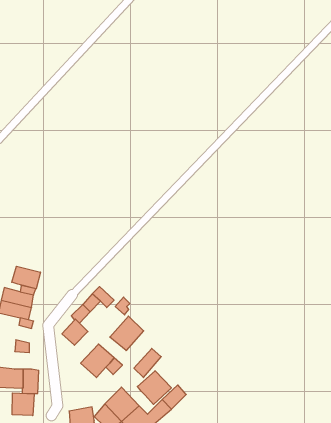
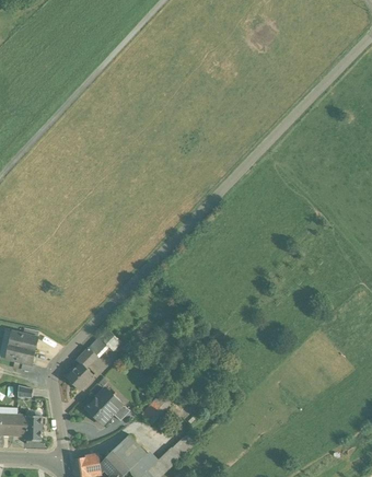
building: [12,266,40,289] -> none
building: [110,316,144,351] -> none
building: [137,371,171,404] -> none
building: [12,393,34,416] -> none

